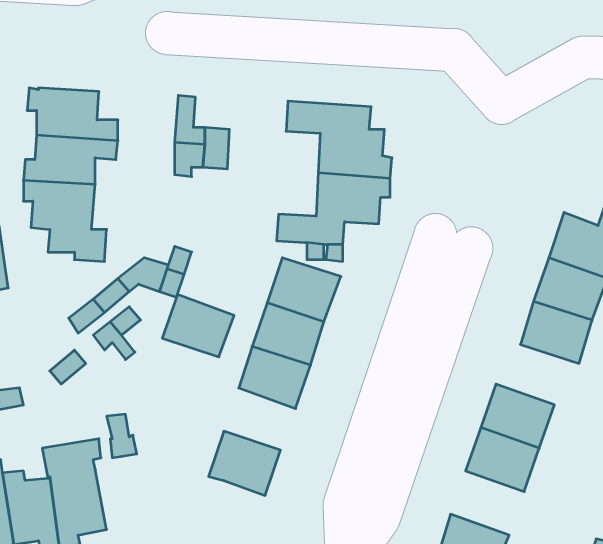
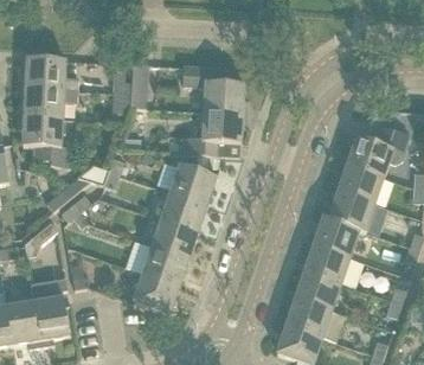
building: [162,295,234,357] -> [143,245,188,284]
building: none -> [314,216,366,256]
building: none -> [285,297,332,338]

